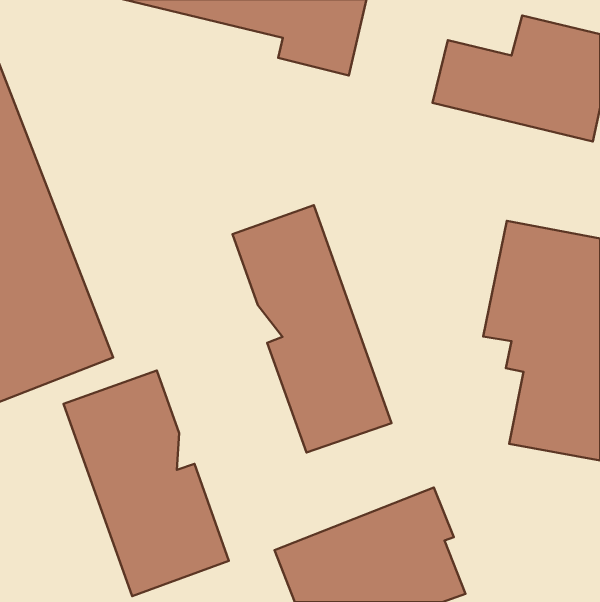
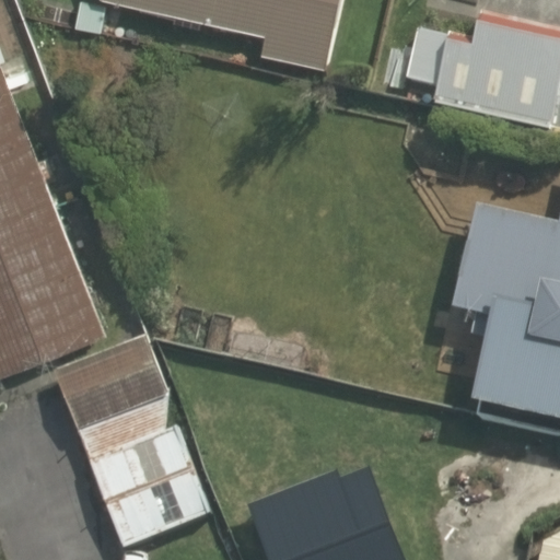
building: [233,205,391,452] -> none

